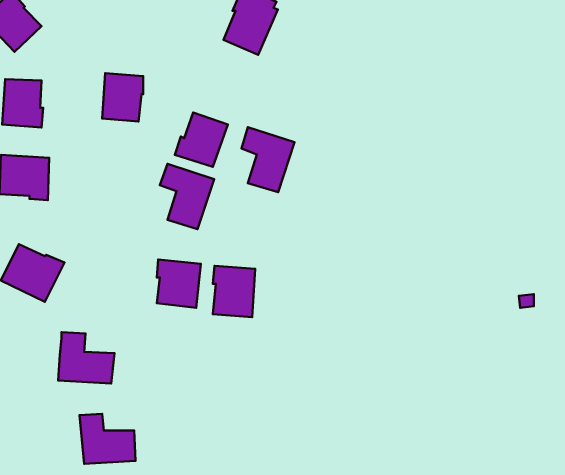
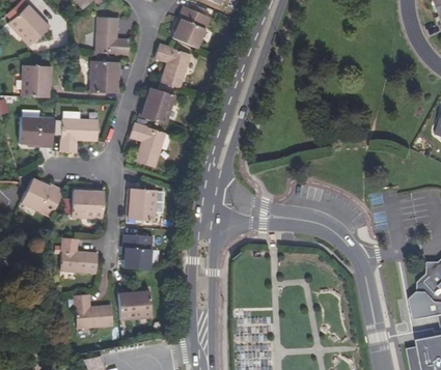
building: none -> [95,17,131,55]
building: [242,127,295,192] -> [156,44,192,88]
building: none -> [61,118,99,151]
building: none -> [73,191,104,219]
building: [213,266,255,317] -> [123,234,153,269]
building: none -> [118,291,151,319]

